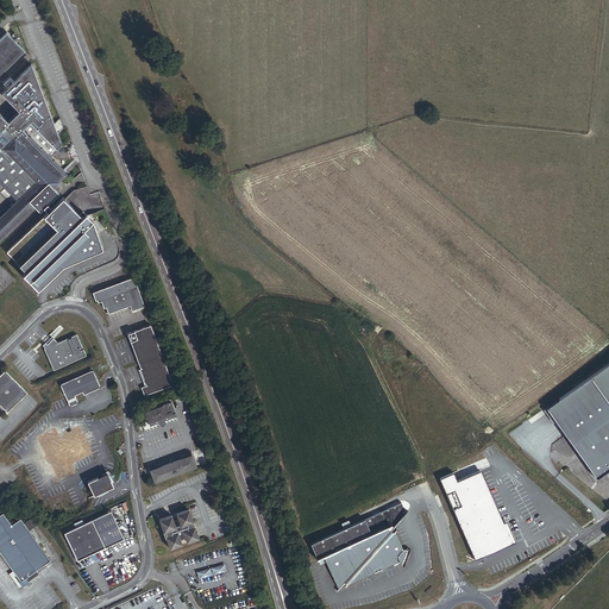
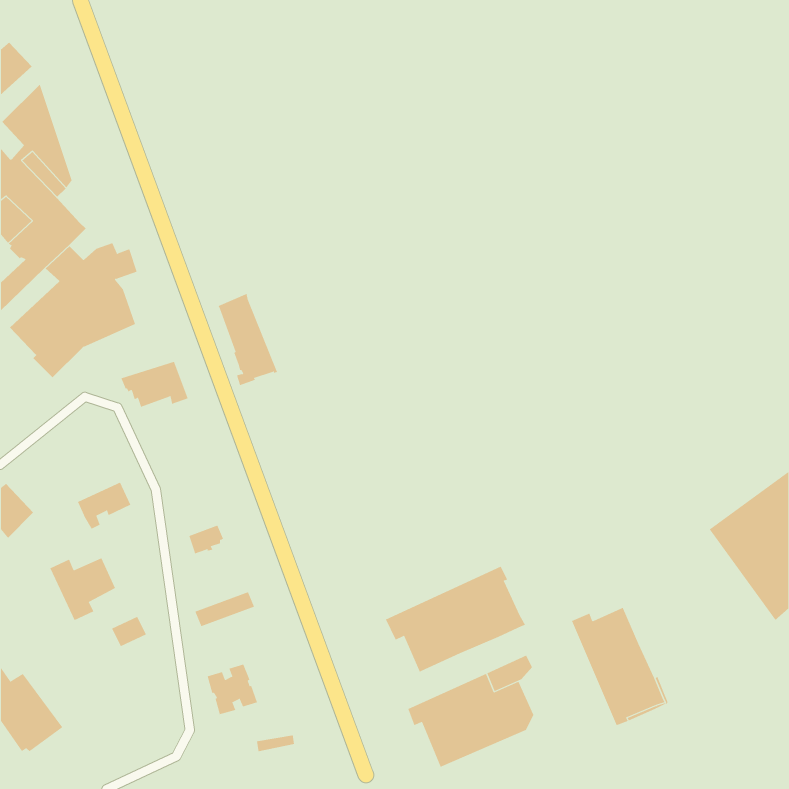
building: [127,326,174,397] -> [218,293,278,386]
building: [43,337,87,372] -> none
building: none -> [385,566,526,673]
building: [63,513,123,561] -> none

